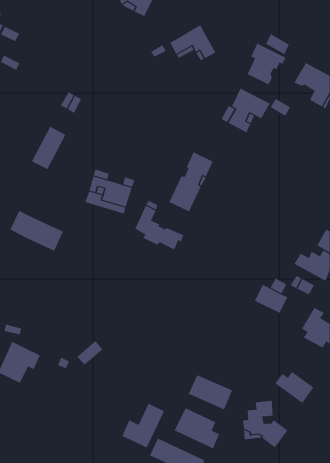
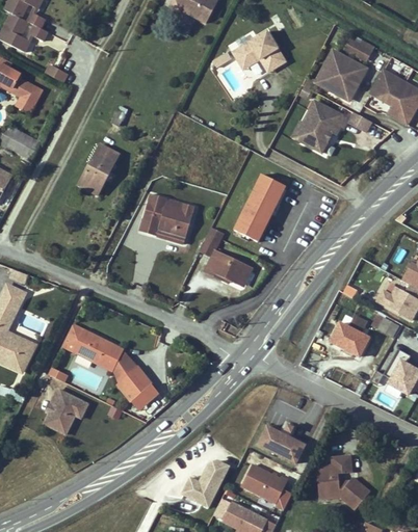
building: [9,210,64,252] -> [62,323,124,370]
building: none -> [110,363,152,404]
building: [274,371,314,404] -> none

